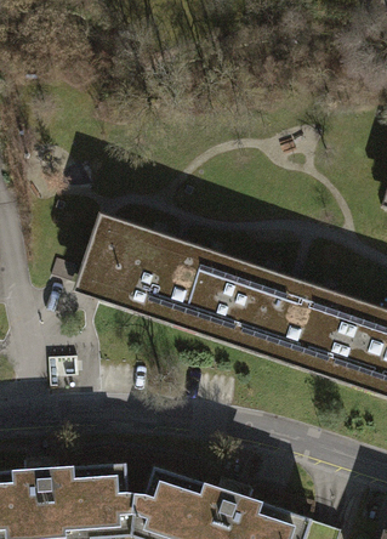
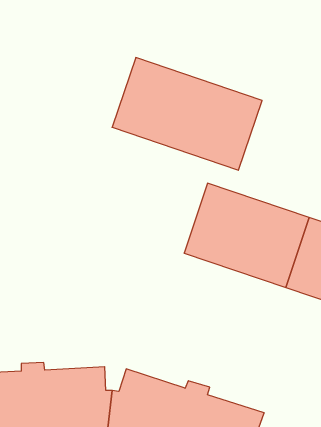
building: [74,212,244,340] -> [112,58,262,170]

